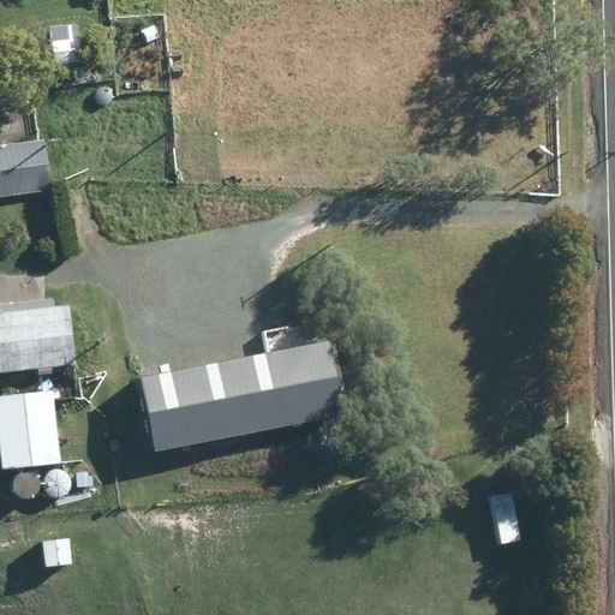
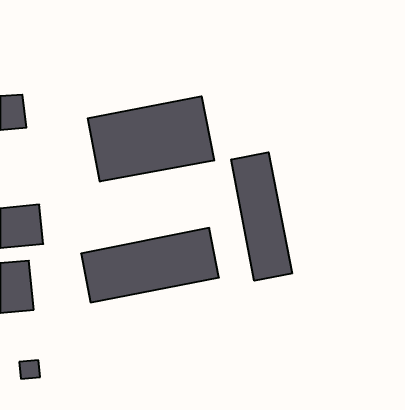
building: none -> [88,96,214,182]
building: none -> [231,152,292,281]

